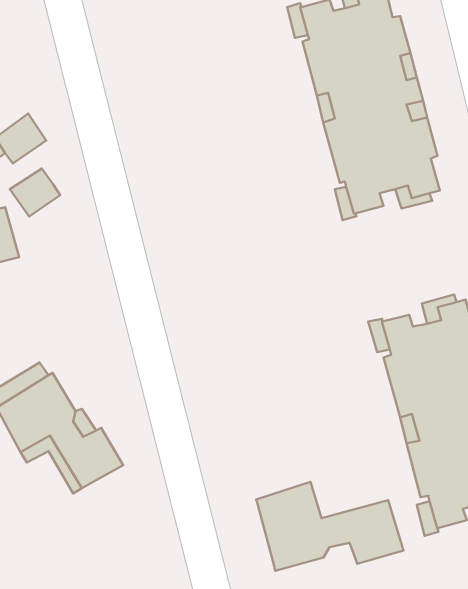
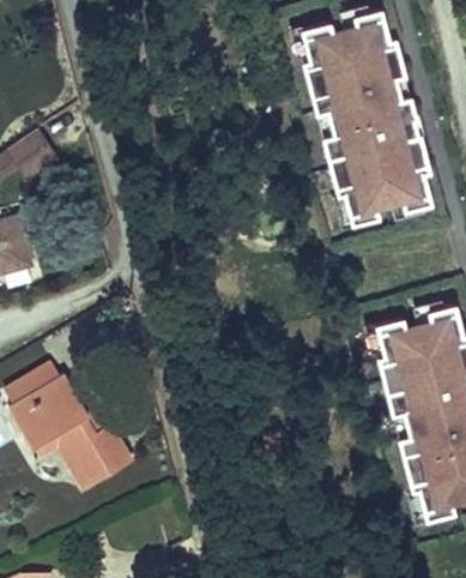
building: [10,168,60,216] -> none
building: [256,482,404,571] -> none

